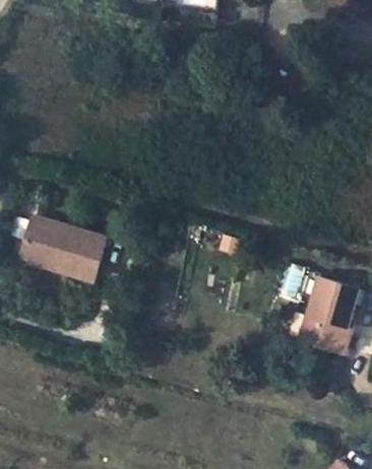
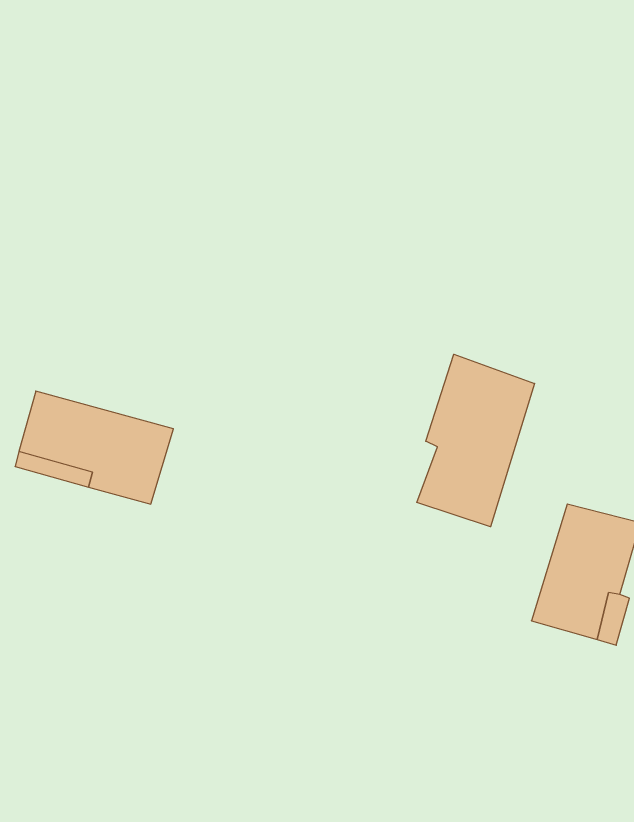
building: none -> [417,354,535,527]

